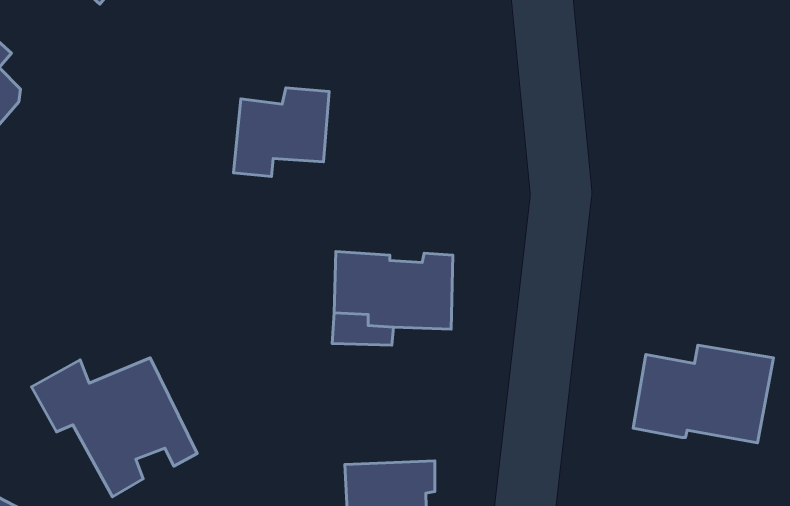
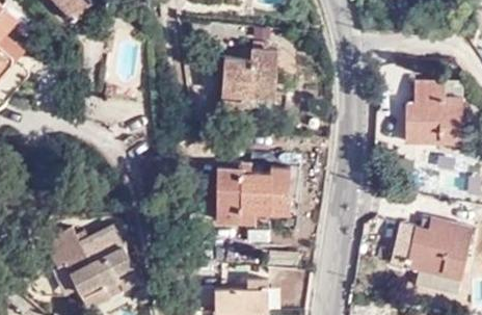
building: [234,88,329,176] -> [221,49,276,100]
building: none -> [394,76,453,140]
building: none -> [411,265,458,293]

